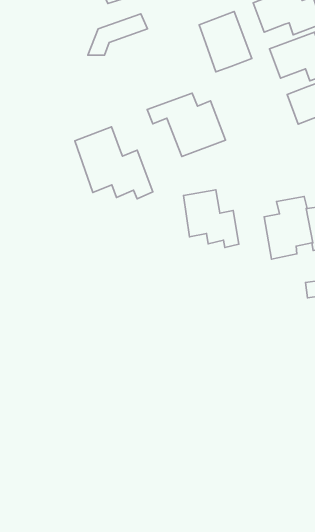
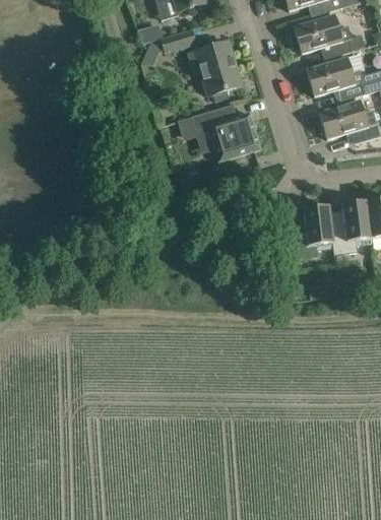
building: [199,11,252,72] -> [195,41,241,94]
building: [75,127,153,199] -> none
building: [183,190,239,247] -> none

